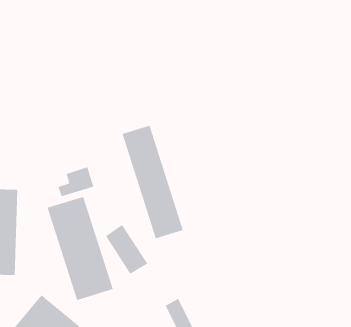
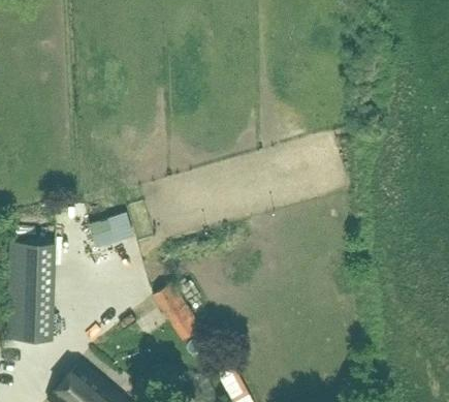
building: [122,125,183,239] -> none
building: [47,196,113,301] -> none

